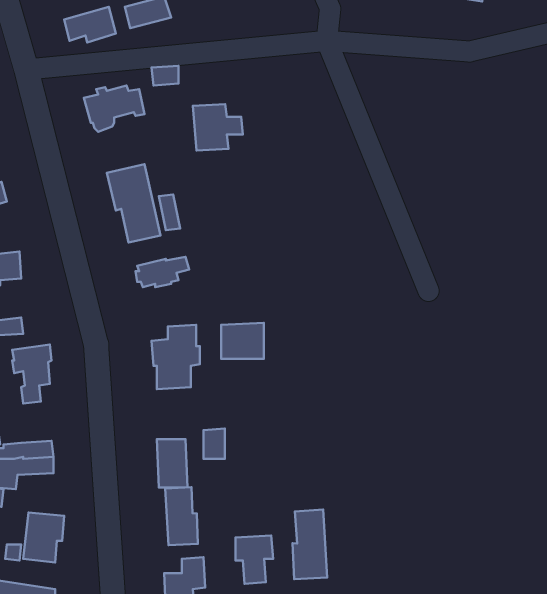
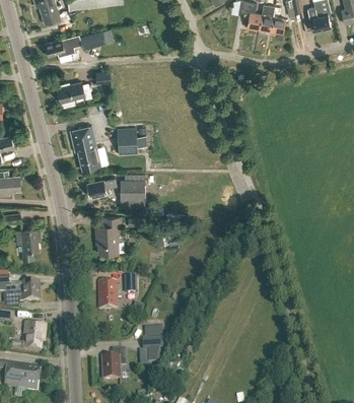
building: [193,104,243,151] -> [118,128,146,154]
building: [221,323,264,359] -> [120,180,144,200]
building: [165,487,198,545] -> none
building: [292,510,327,579] -> none

